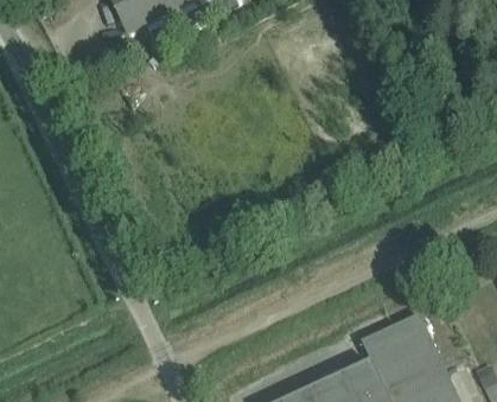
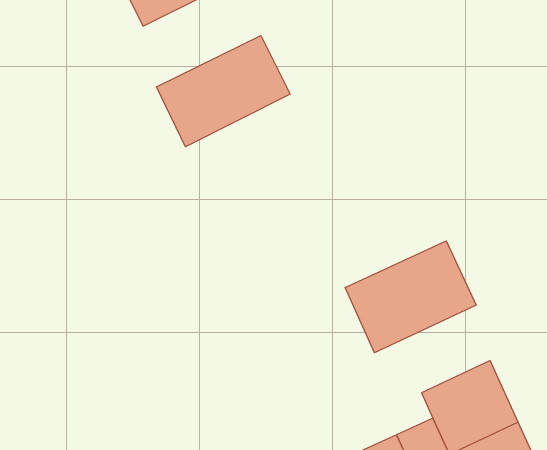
building: none -> [157,36,290,147]
building: none -> [345,241,476,353]

